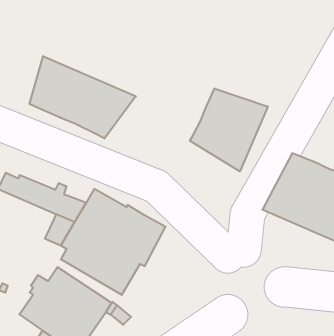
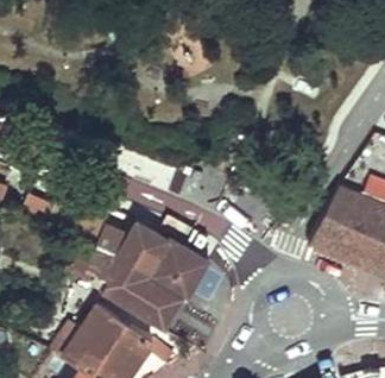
building: [29,56,136,139] -> none
building: [190,88,268,171] -> none

